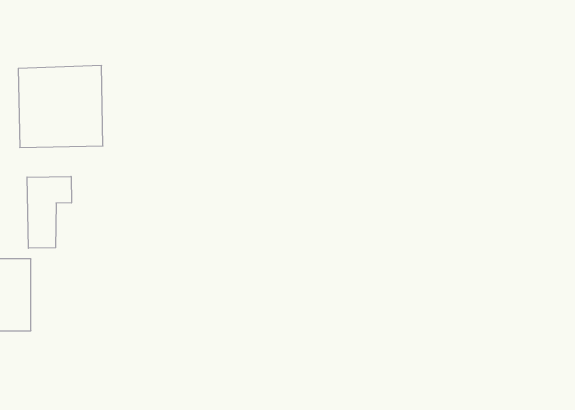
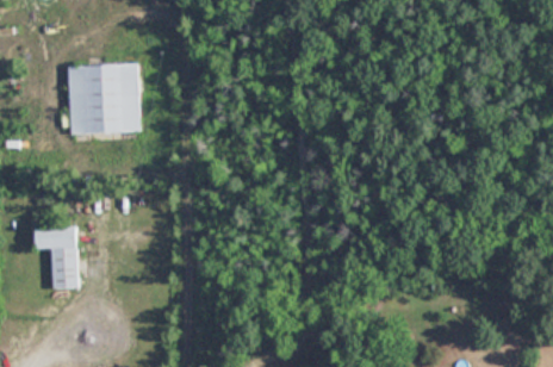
building: [27,176,71,248] -> none

